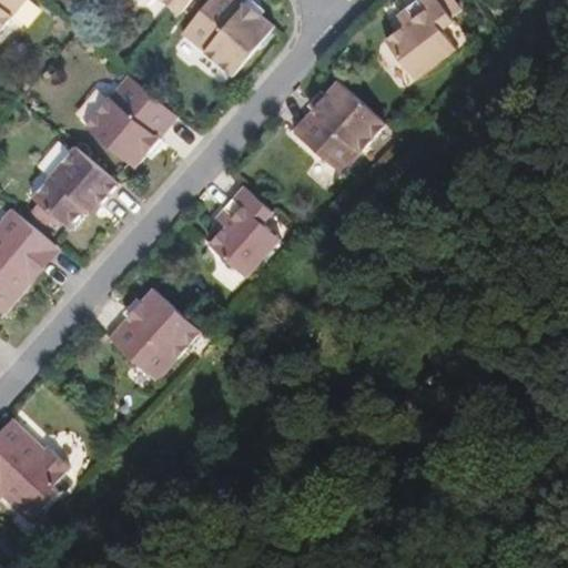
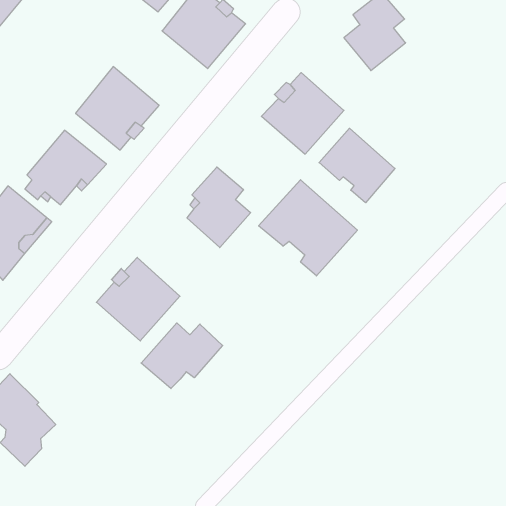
building: none -> [319,128,395,203]
building: none -> [259,180,357,276]
building: none -> [141,323,223,389]

